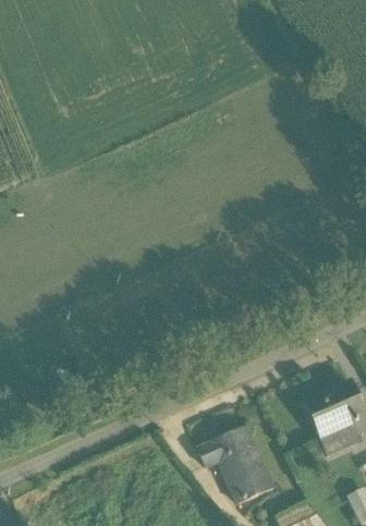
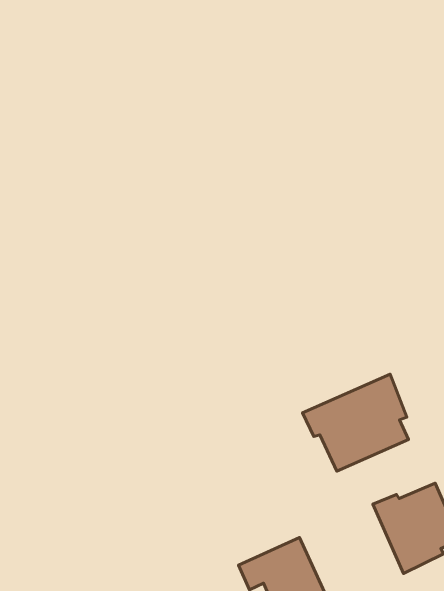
building: none -> [303,374,408,471]

